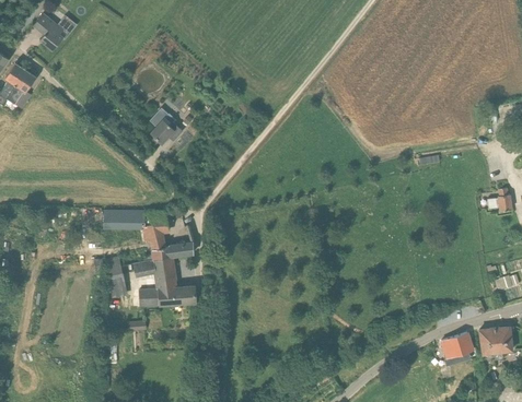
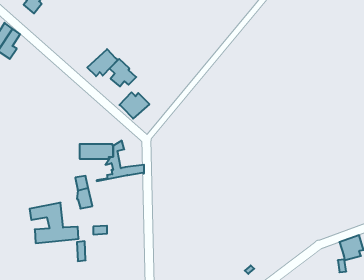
building: none -> [87,49,118,76]
building: none -> [119,92,149,119]
building: [134,255,196,306] -> [30,203,79,243]

